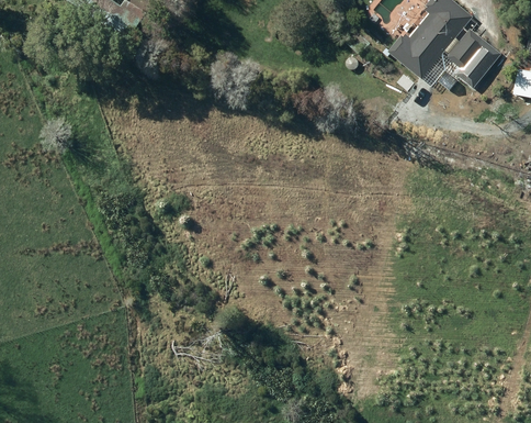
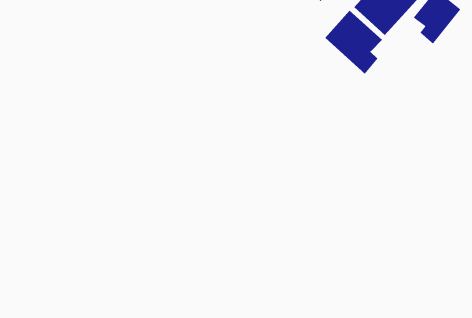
building: none -> [325,10,383,75]

